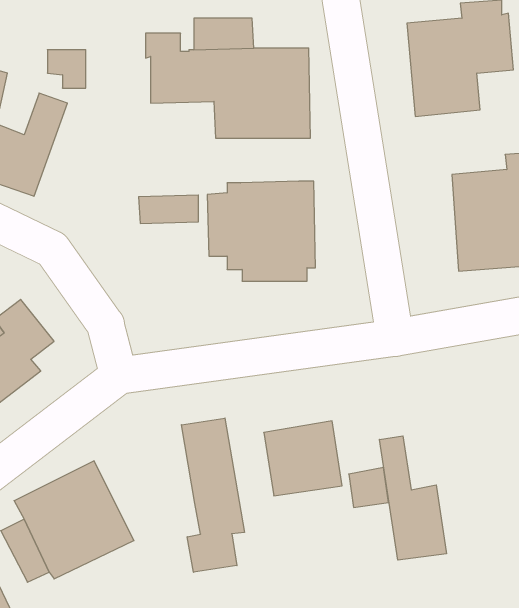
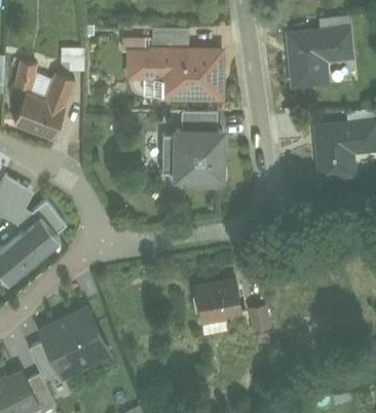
building: [139,195,198,223] -> [180,113,217,130]
building: [181,418,244,572] -> none
building: [379,436,446,560] -> none

